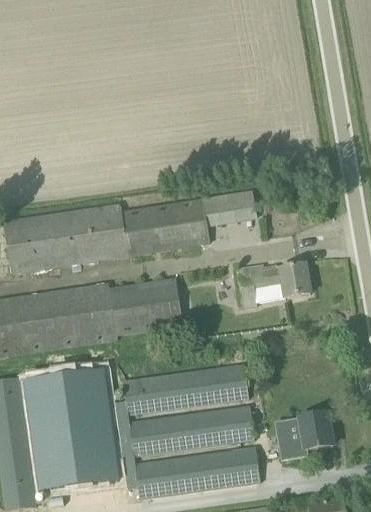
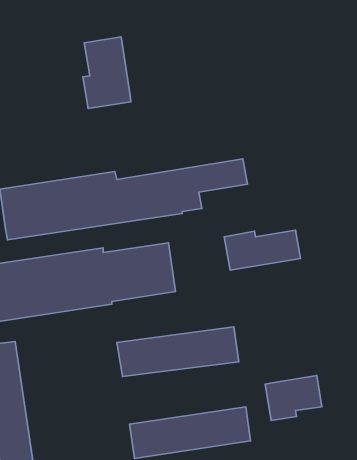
building: none -> [83,37,131,109]
building: [27,363,123,485] -> none
building: [130,404,254,456] -> none

